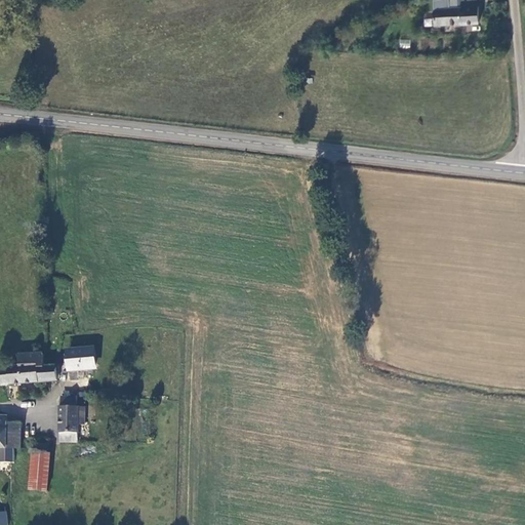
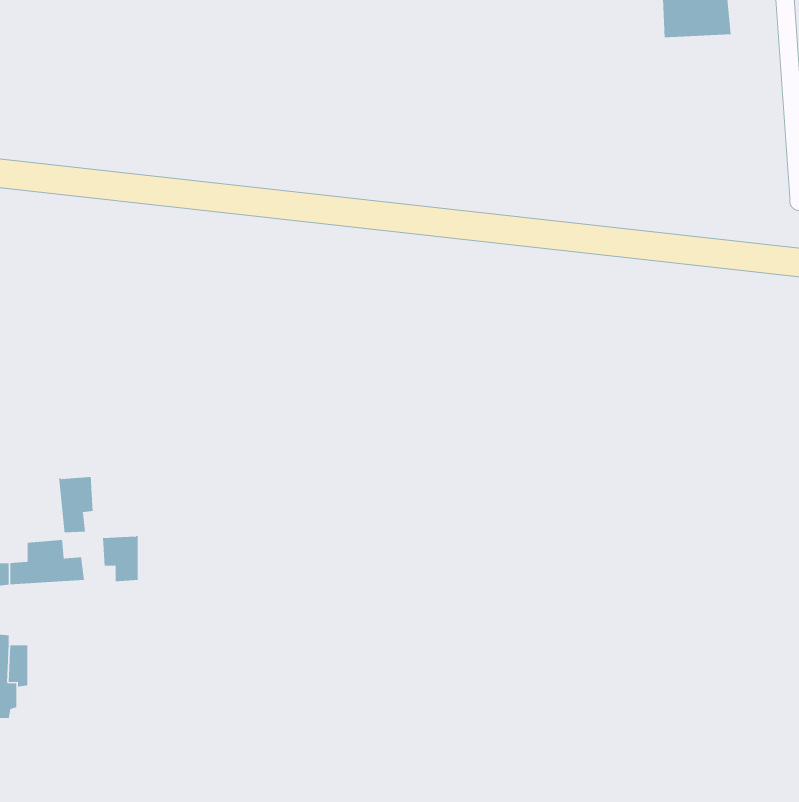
building: none -> [58,476,93,533]
building: [59,404,82,440] -> none
building: [28,451,49,491] -> none

